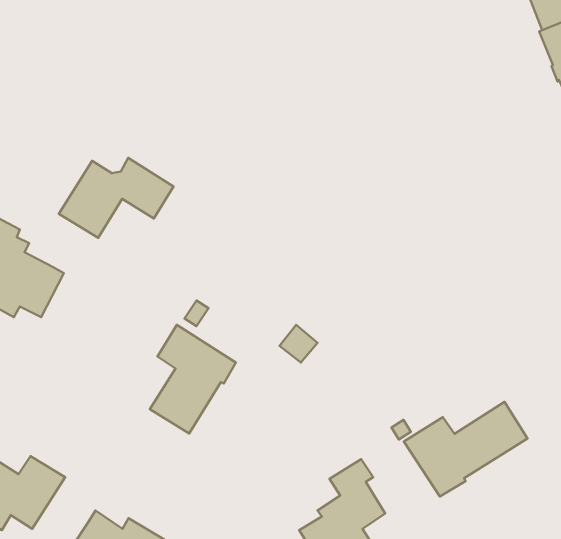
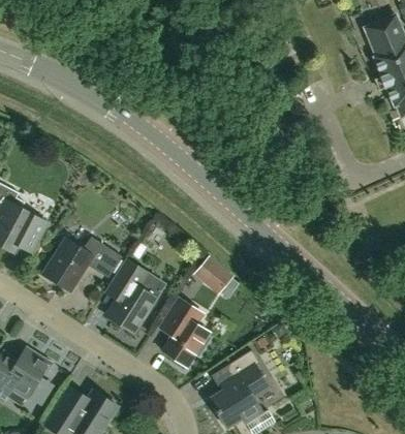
building: [59,158,174,238] -> [43,237,122,291]
building: none -> [162,299,209,367]
building: [404,402,527,496] -> none

